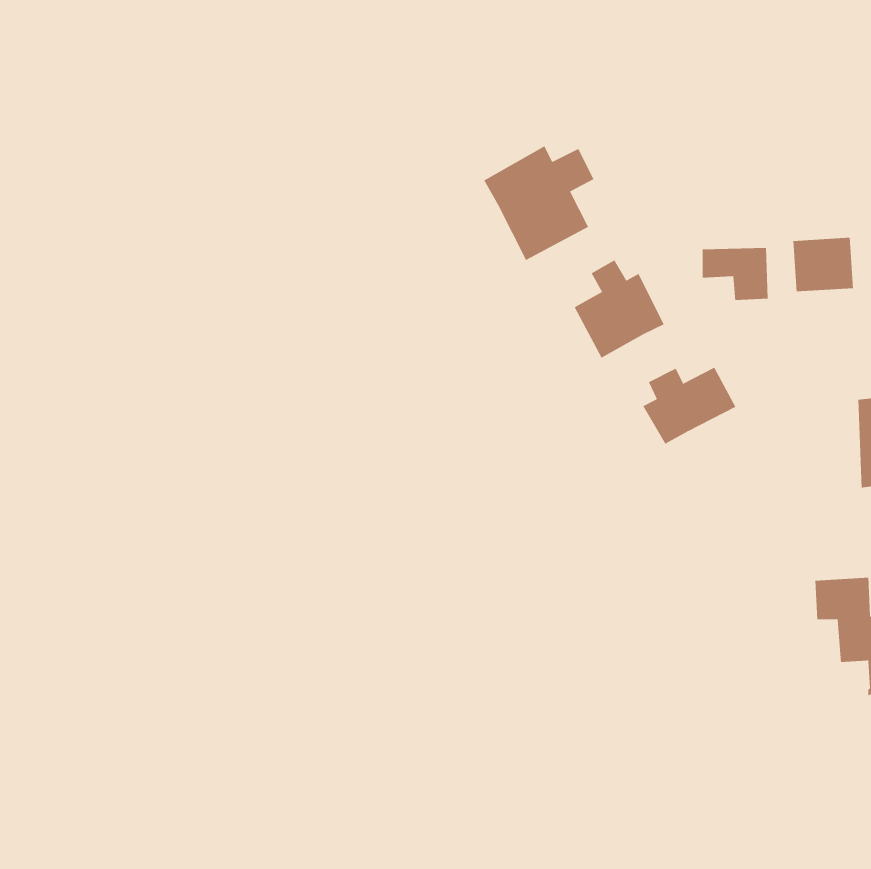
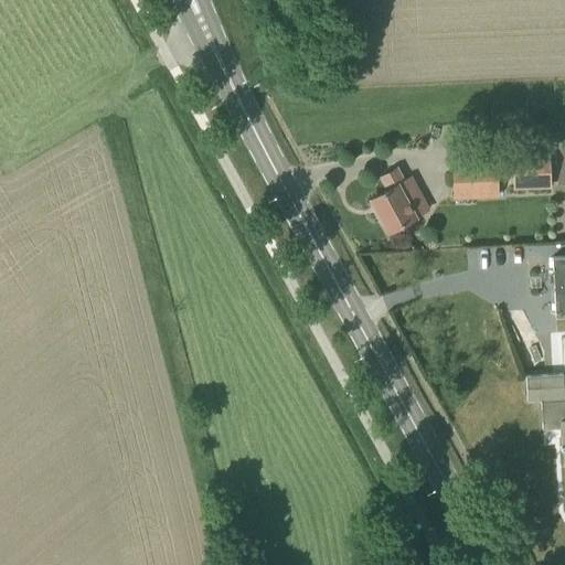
building: [483,145,594,261] -> none
building: [642,367,736,445] -> none

